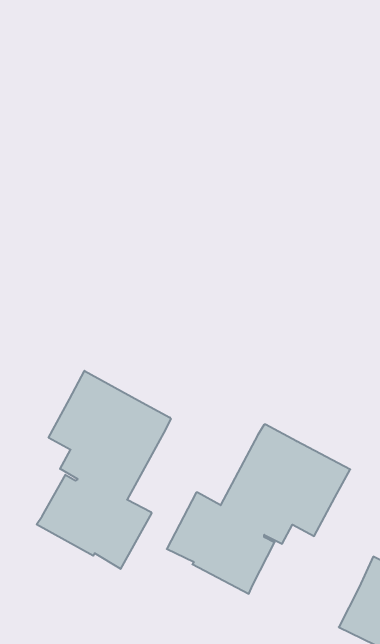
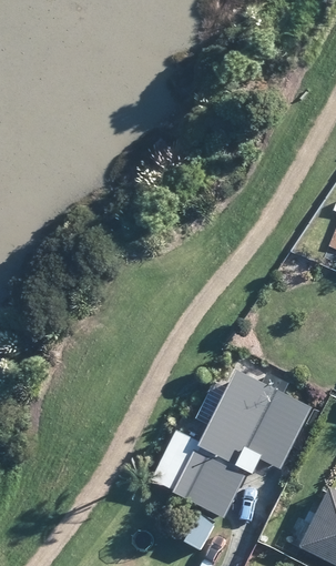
building: [37,371,171,569] -> none

